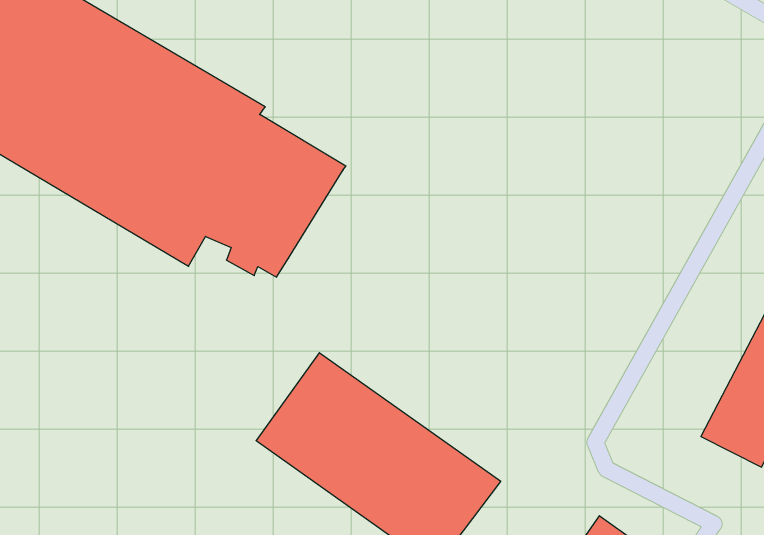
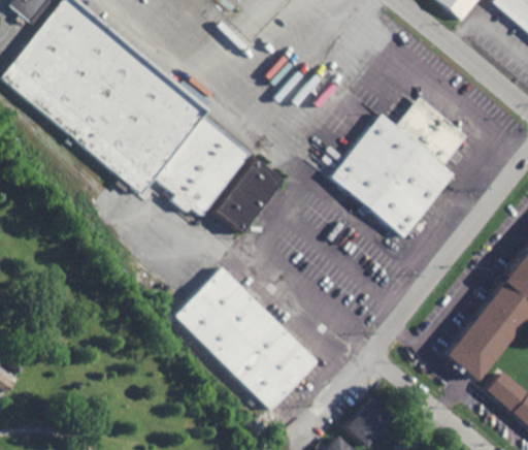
building: none -> [330,96,468,236]
building: none -> [210,158,283,232]

